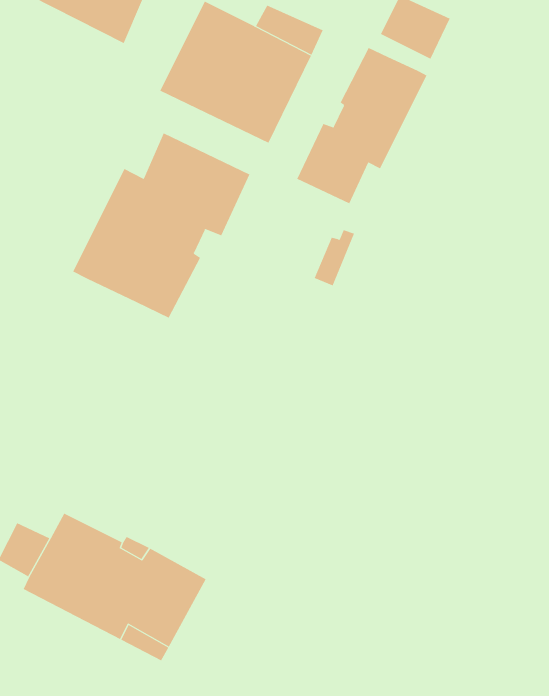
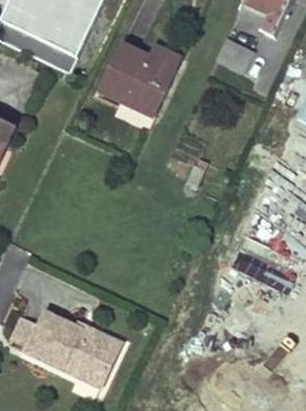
building: [297,47,427,204] -> none
building: [73,133,250,318] -> none

